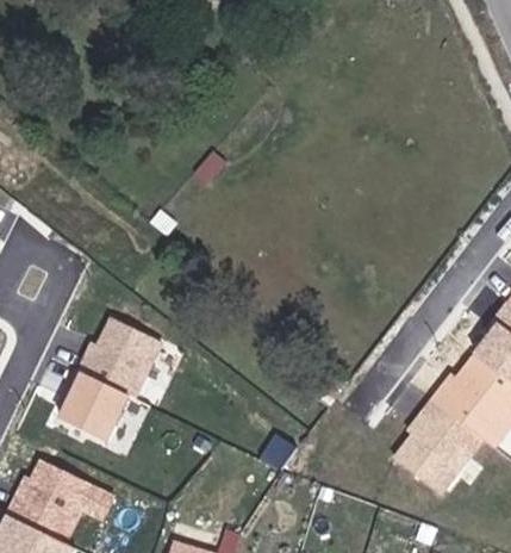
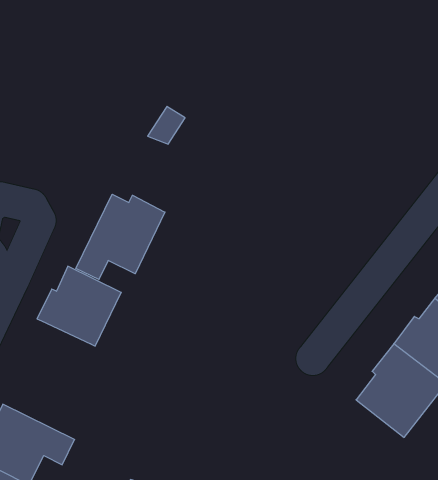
building: none -> [76,194,165,280]
building: [56,373,129,441] -> none

